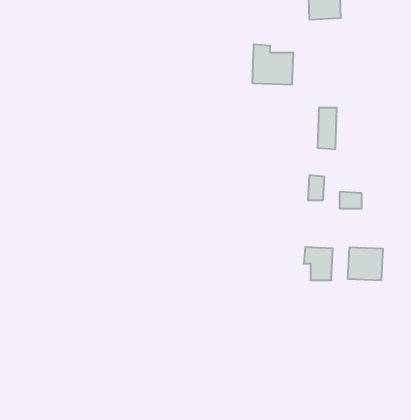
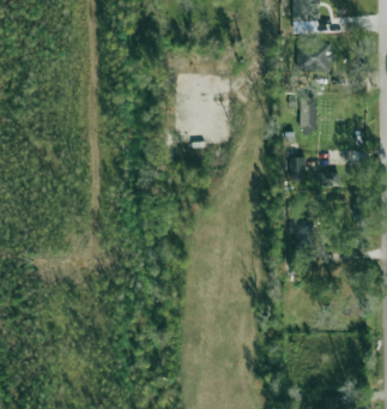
building: [252,44,294,84] -> [297,37,333,72]
building: [348,247,383,280] -> none

